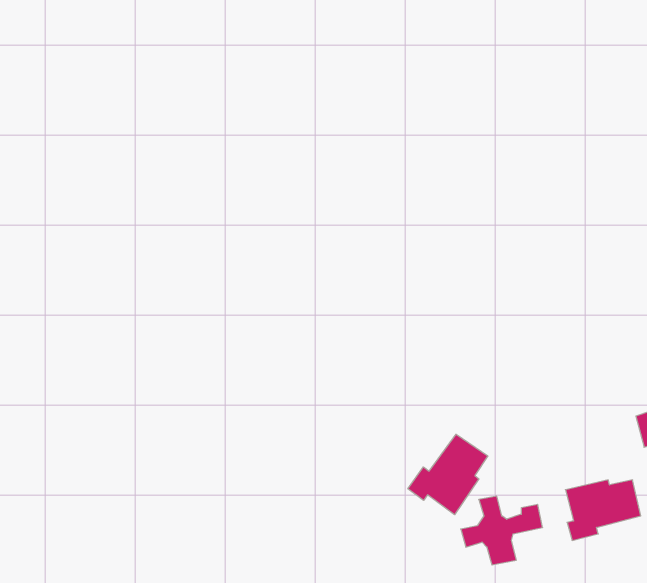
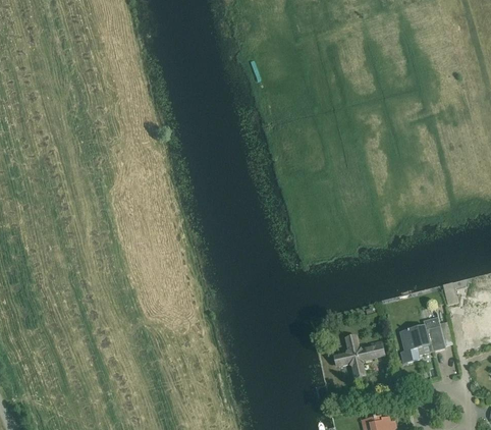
building: [408,434,488,515] -> none

